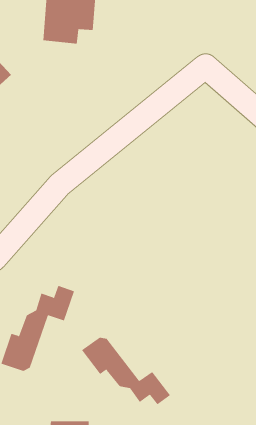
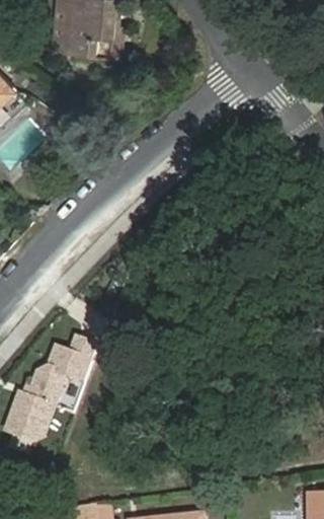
building: [81,337,171,405] -> none

